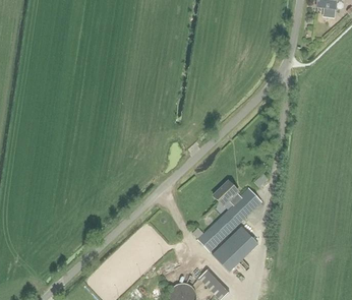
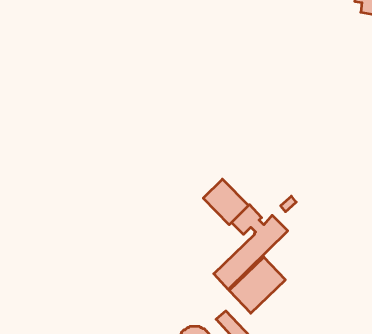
building: none -> [203,179,248,225]

